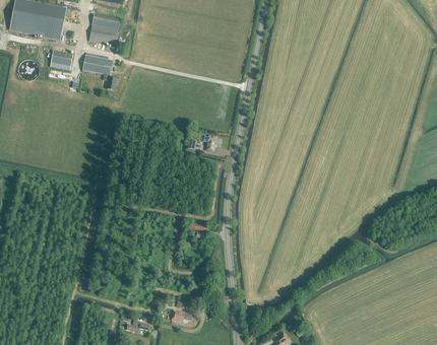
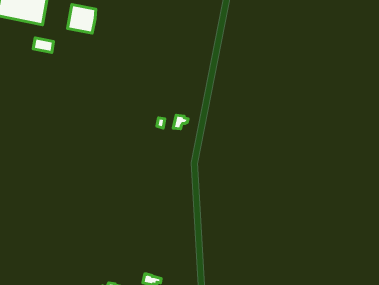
building: [82,53,118,91] -> none

